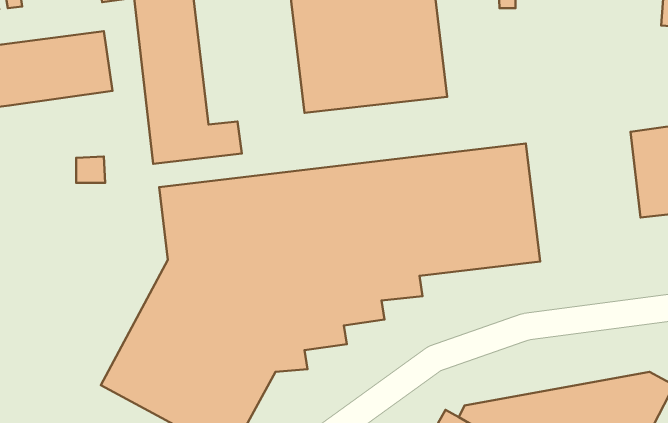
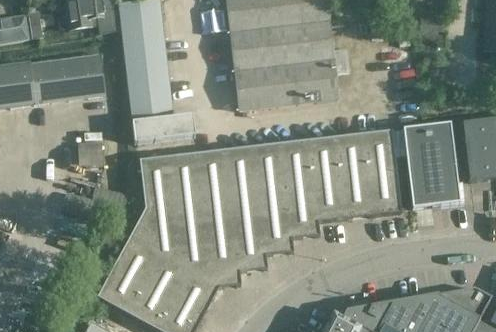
building: none -> [404,123,461,208]

